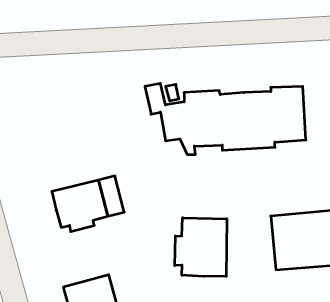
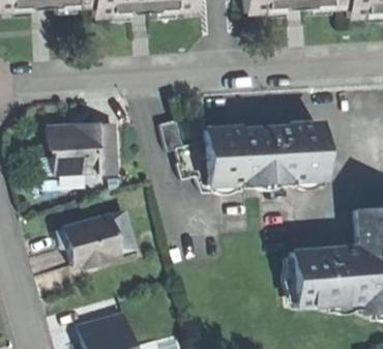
building: none -> [52,122,119,171]
building: [175,218,227,276] -> none

